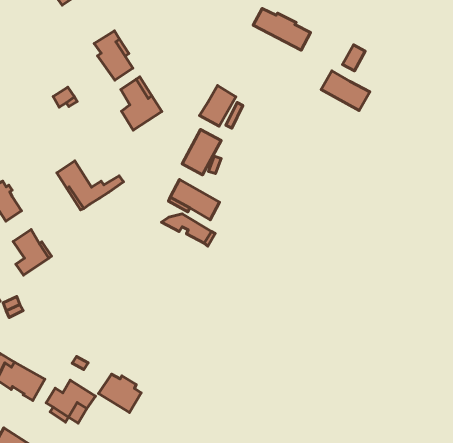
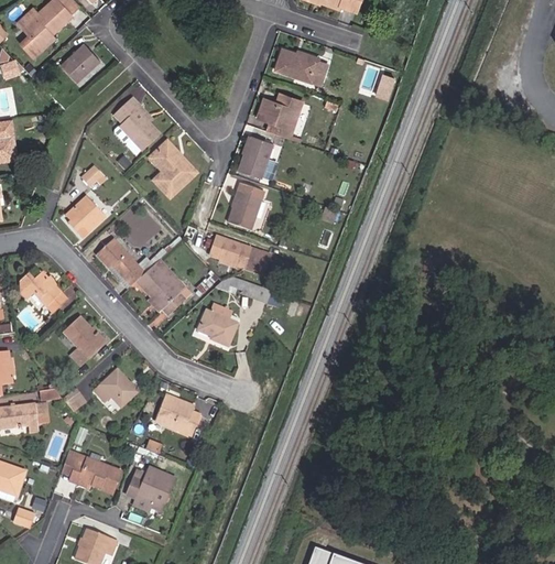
building: none -> [255,96,301,143]
building: [321,71,370,111] -> none
building: none -> [66,197,106,238]
building: none -> [137,265,192,316]
building: none -> [197,304,238,346]
building: none -> [94,370,139,408]
building: [99,374,141,412] -> [155,399,199,435]

